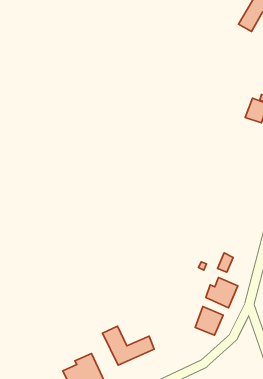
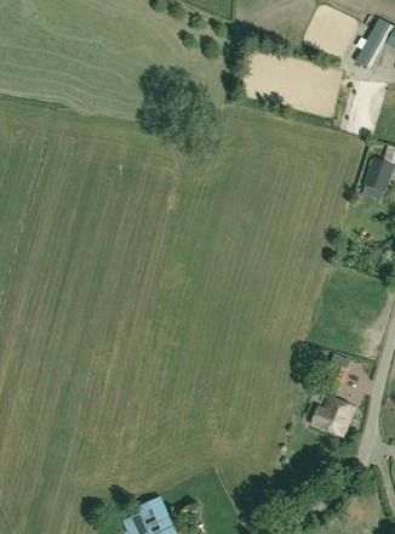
building: [195,307,223,335] -> none
building: [103,326,154,365] -> none

